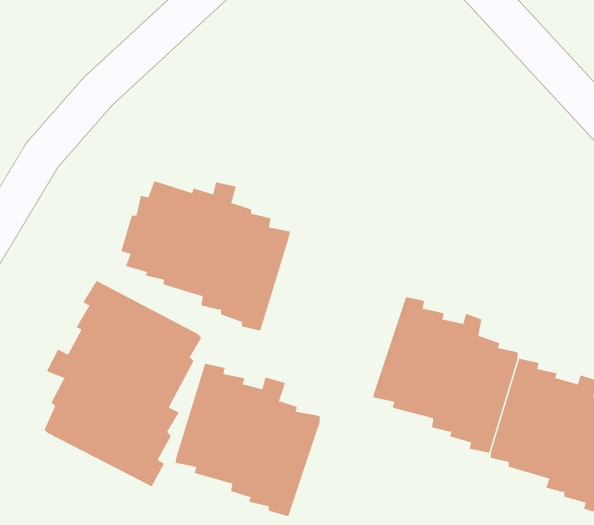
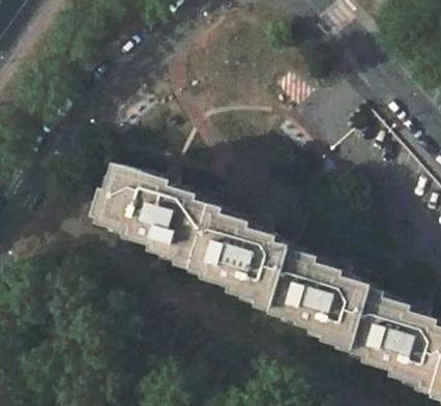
building: [44,280,202,487] -> none
building: [174,363,320,517] -> [188,204,289,310]

